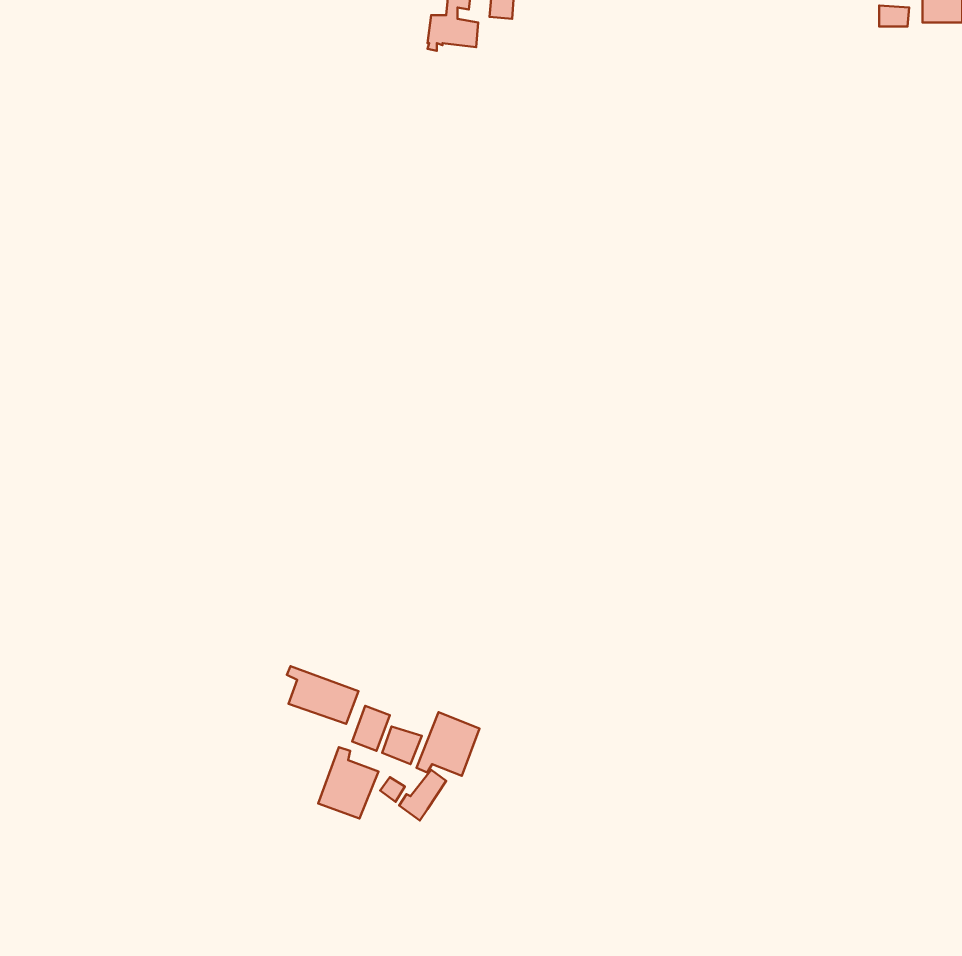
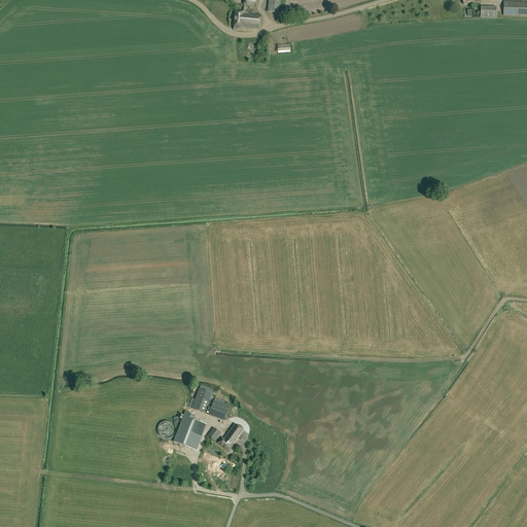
building: [287,666,358,724] -> none
building: [416,712,479,776] -> none

